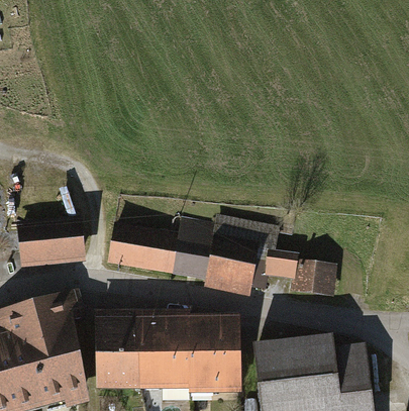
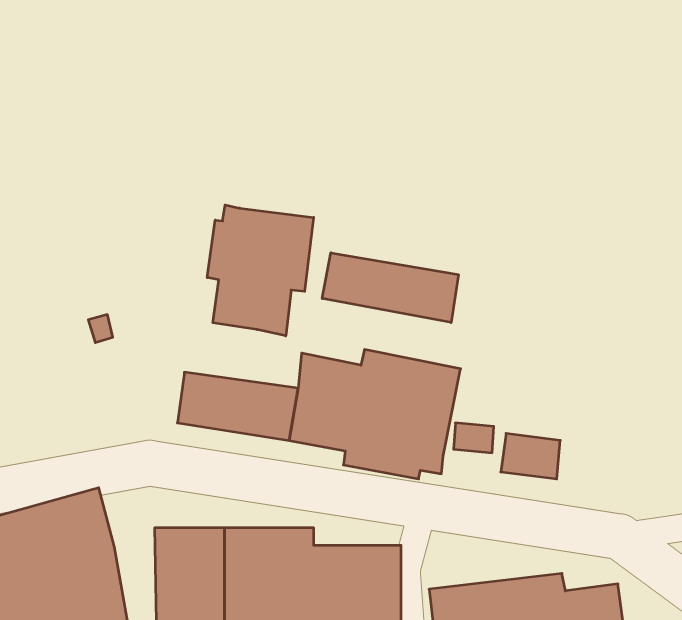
building: none -> [207,205,314,336]
building: none -> [322,253,458,323]
building: [22,225,81,262] -> none

